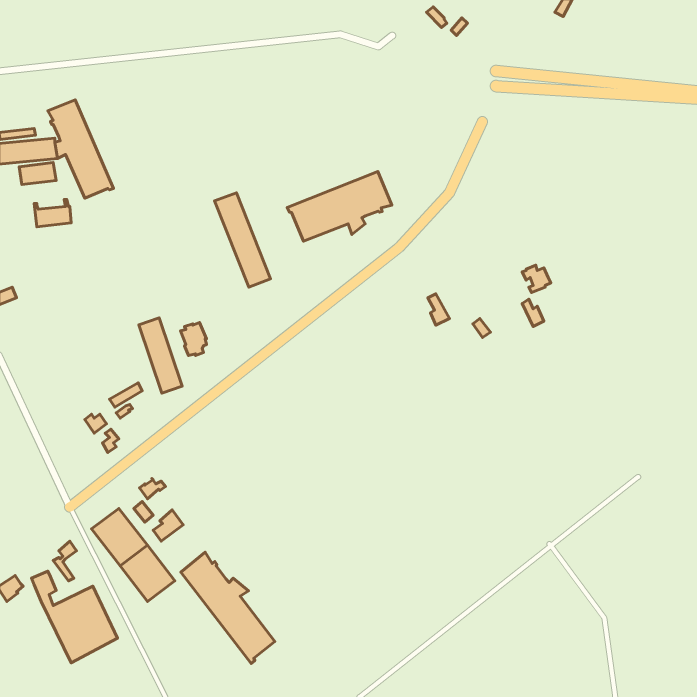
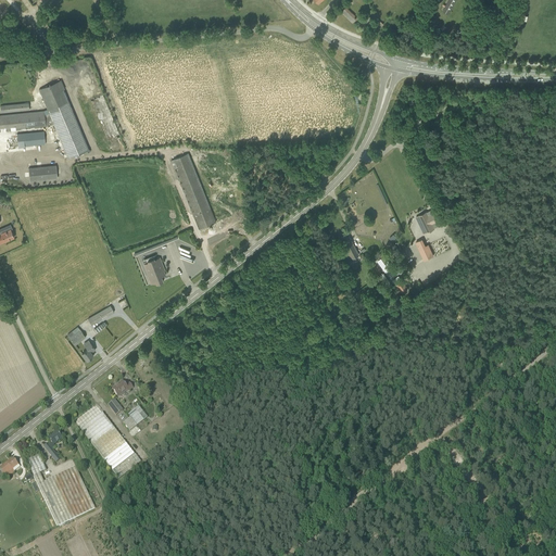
building: [287,171,392,241] -> none
building: [139,318,182,393] -> none
building: [181,552,275,664] -> none

